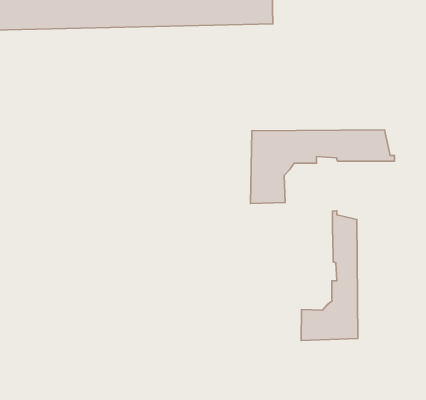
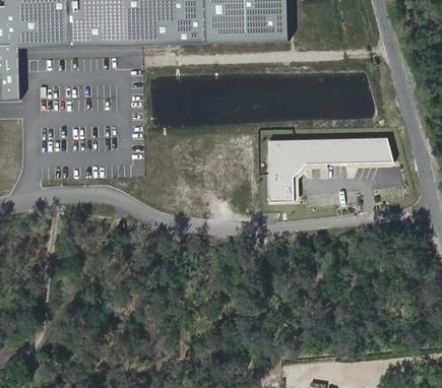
building: [301,211,358,340] -> none

